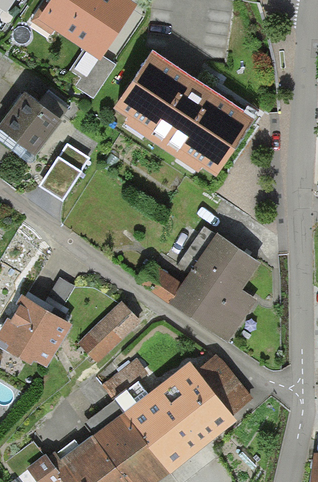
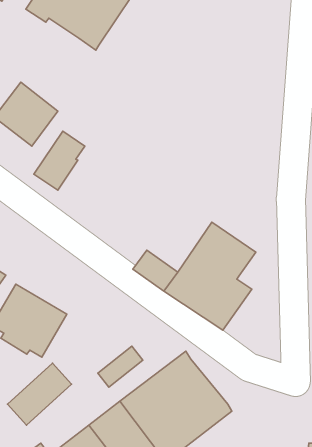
building: [70,49,117,97] -> none
building: [114,52,254,177] -> none
building: [78,300,142,362] -> [7,363,71,425]
building: [196,353,254,415] -> none

